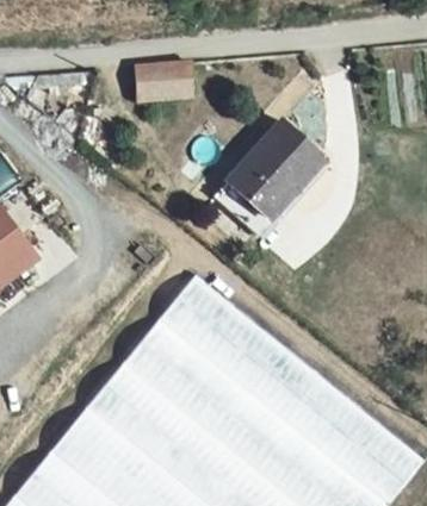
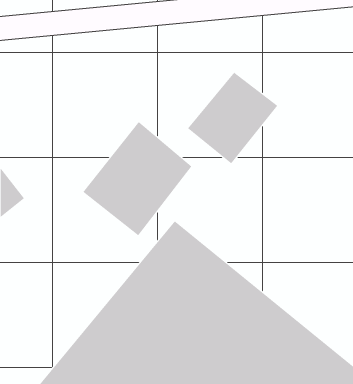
building: [129,57,190,98] -> none
building: none -> [82,121,192,236]

